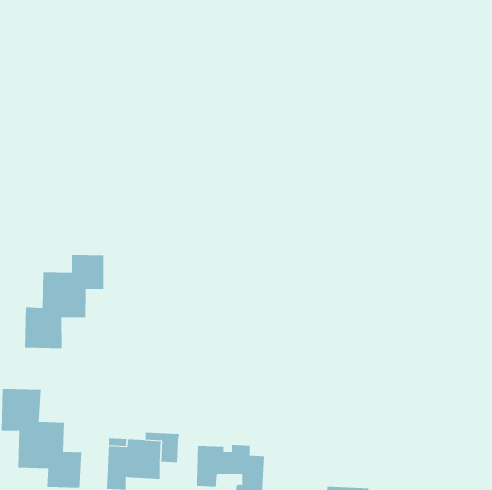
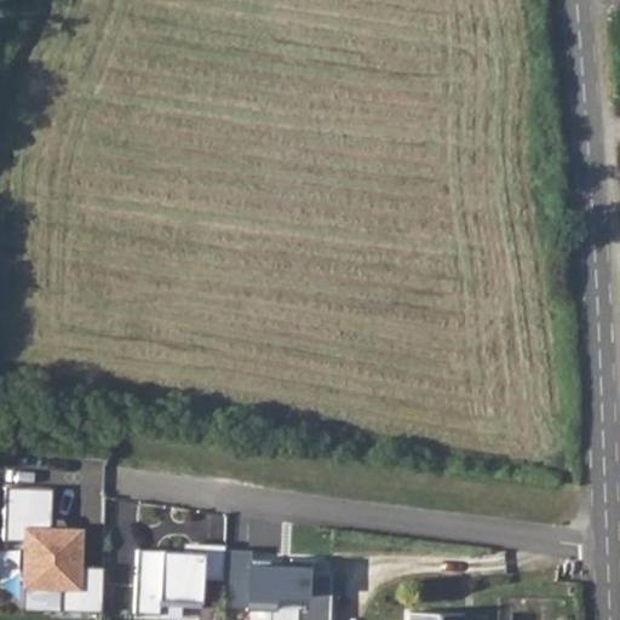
building: [24,254,104,349] -> none
building: none -> [224,556,249,608]

